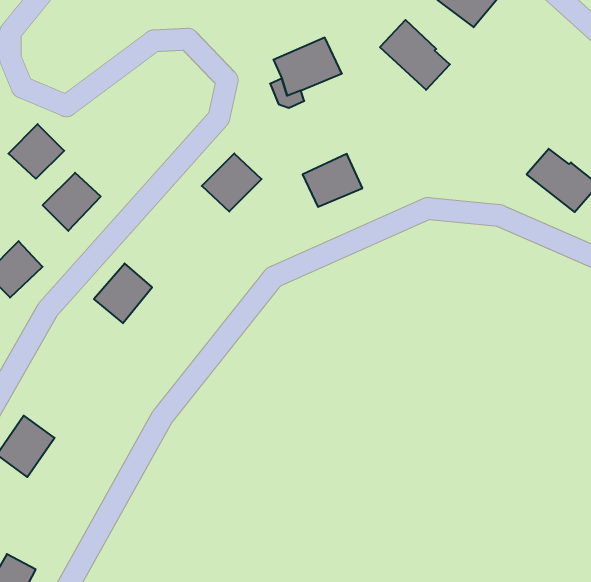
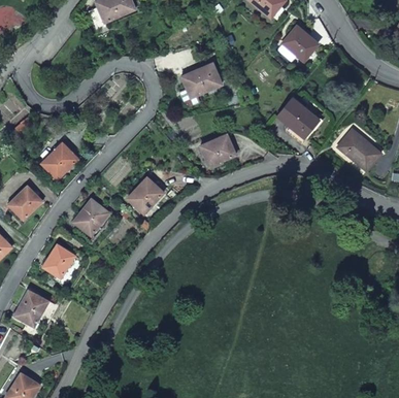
building: [380,20,450,90] -> [276,102,319,144]
building: [8,124,64,179] -> none
building: [202,153,262,212] -> [128,177,164,212]
building: none -> [41,244,81,287]

